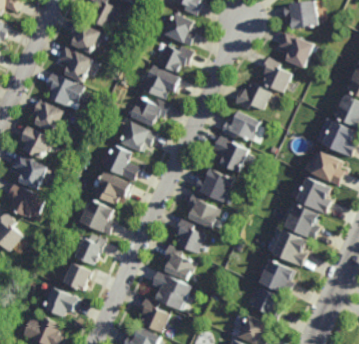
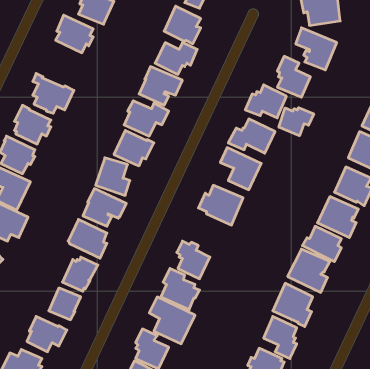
building: [58,46,95,84] -> none
building: none -> [279,108,314,136]
building: [187,192,219,227] -> none

